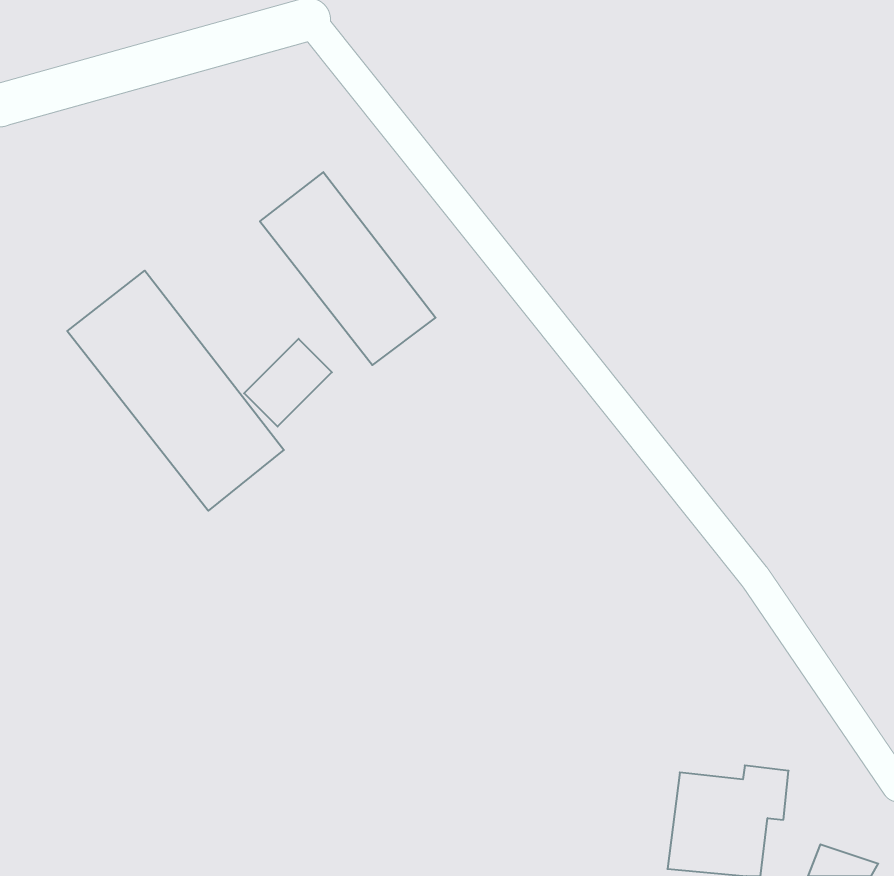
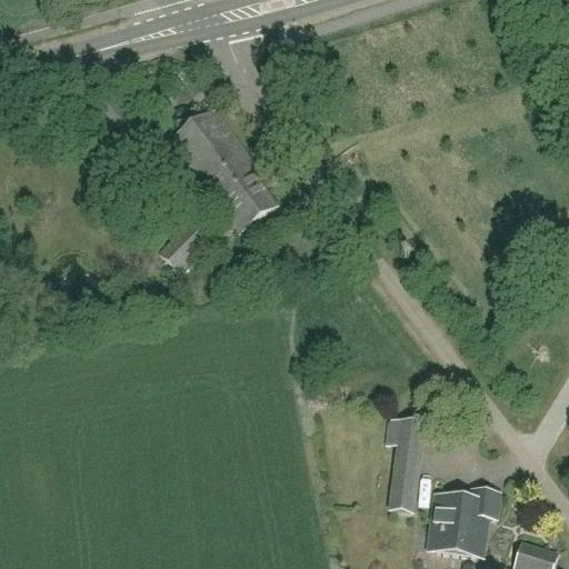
building: [67,271,284,511] -> none
building: none -> [387,416,427,510]

